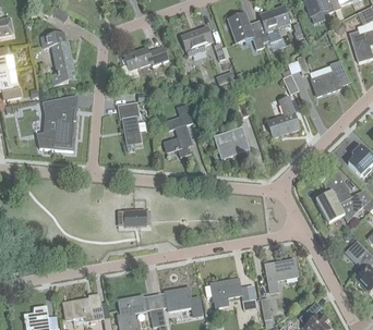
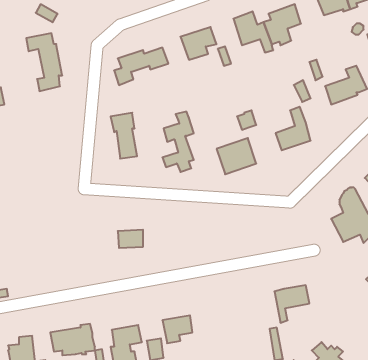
building: [38,97,75,149] -> none
building: [205,279,256,308] -> none

